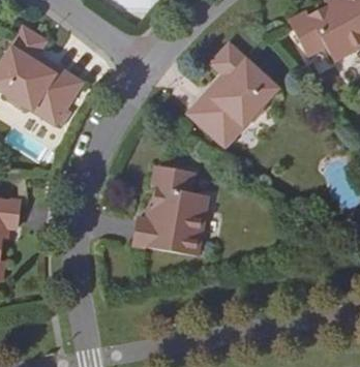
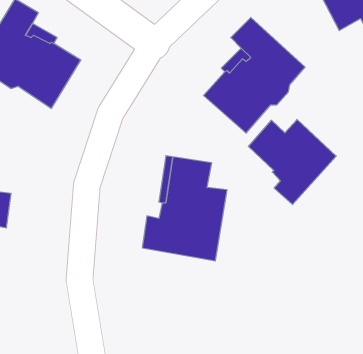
building: none -> [248,119,336,205]

